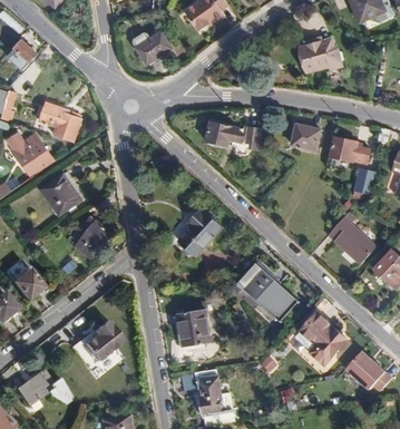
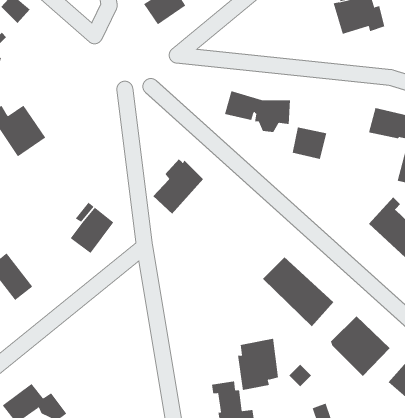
building: [38,101,81,142] -> none
building: [291,123,321,150] -> [292,127,327,159]
building: [40,173,81,216] -> none
building: [178,208,222,256] -> [153,158,204,215]
building: [175,308,211,352] -> [237,338,279,390]
building: [82,319,124,362] -> none

